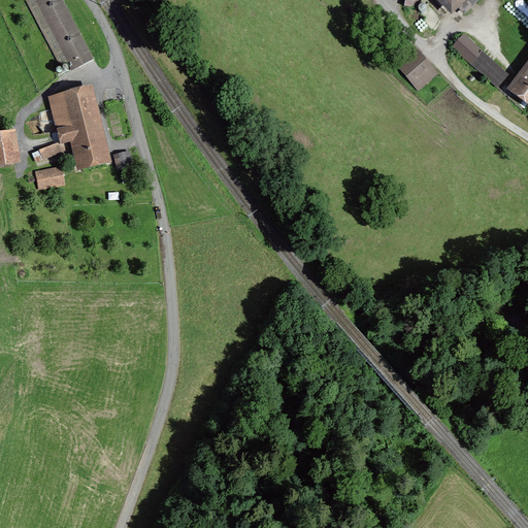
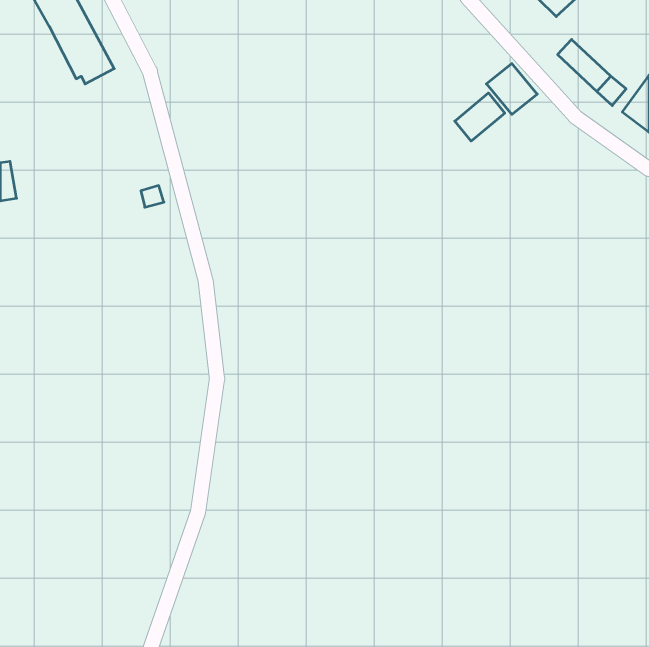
building: none -> [455,93,505,141]
building: [33,90,106,165] -> none
building: [36,166,63,188] -> none

